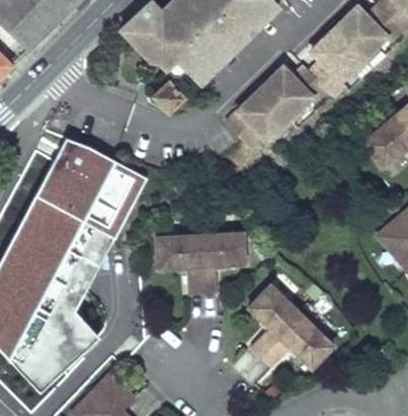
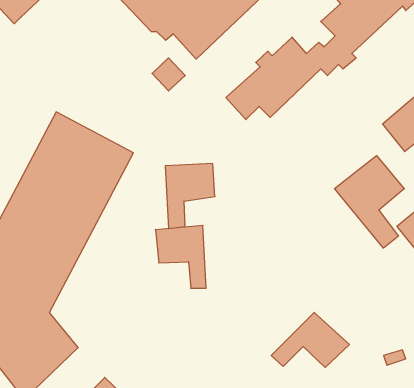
building: none -> [335,156,404,248]
building: [201,234,247,294] -> [165,164,215,229]
building: [251,285,304,355] -> none

